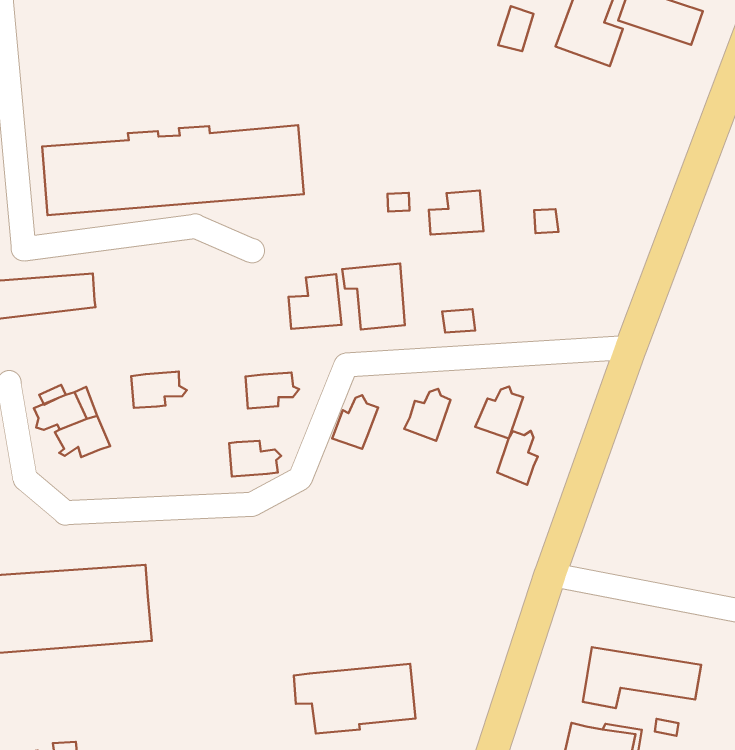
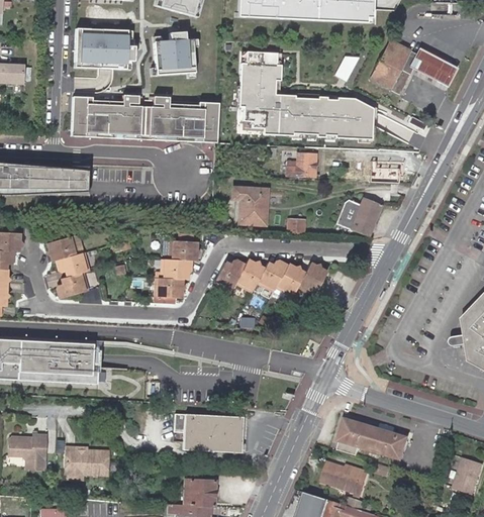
building: none -> [153,31,194,76]
building: none -> [74,28,133,69]
building: none -> [239,50,373,140]
building: none -> [335,198,380,236]
building: [288,274,341,329] -> none
building: [131,372,187,408] -> [160,260,191,279]
building: none -> [234,261,260,292]
building: [497,431,538,485] -> [275,266,299,297]
building: none -> [57,272,87,297]

